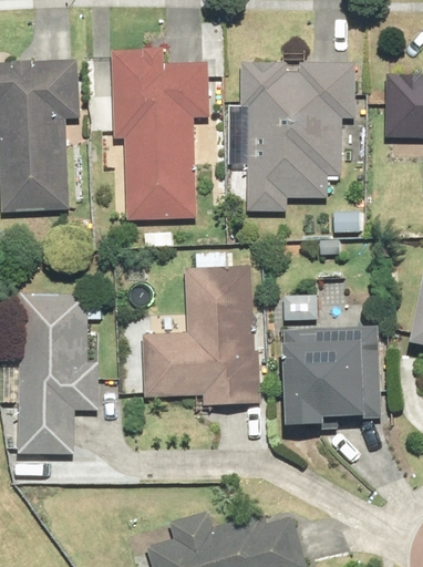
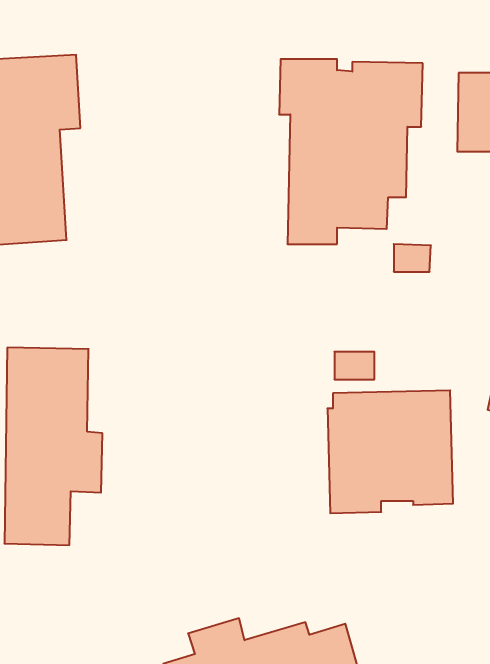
building: [112,47,209,220] -> none
building: [142,266,259,408] -> none

